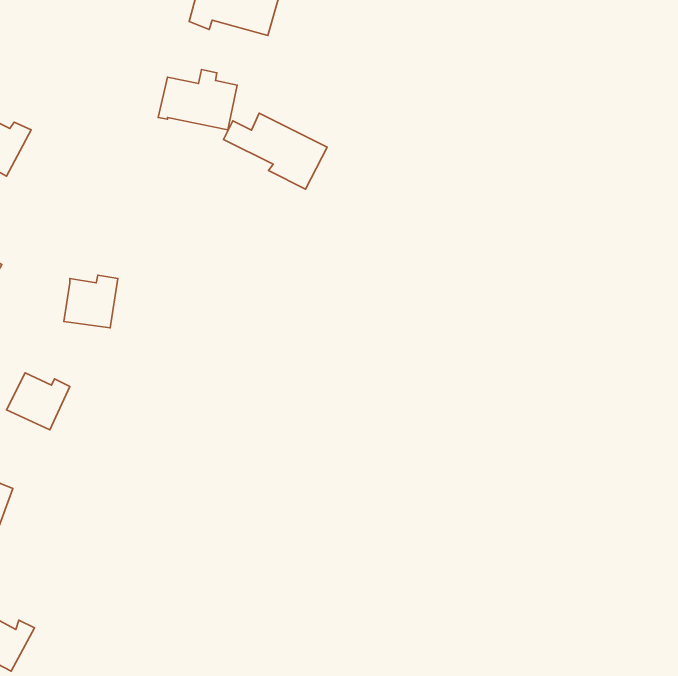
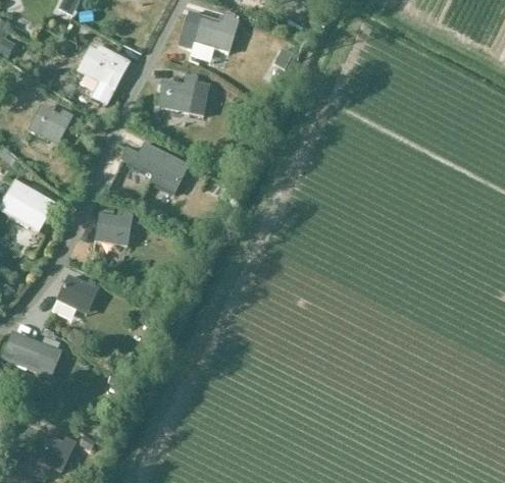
building: none -> [79,47,129,104]
building: [224,113,327,189] -> [120,142,189,192]

